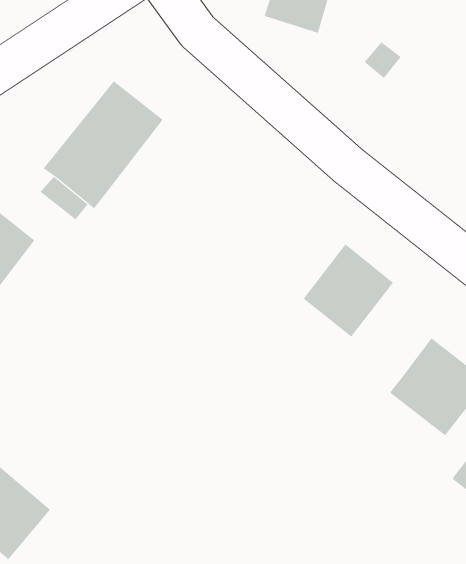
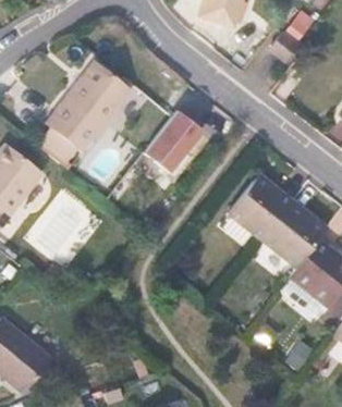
building: none -> [135,111,198,180]
building: none -> [261,201,325,267]

